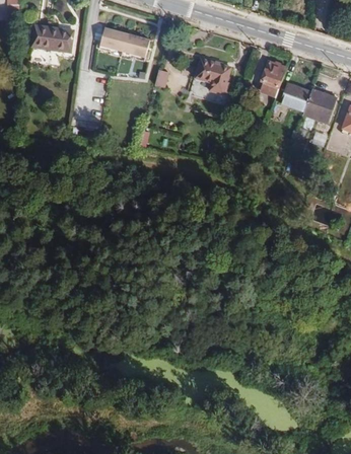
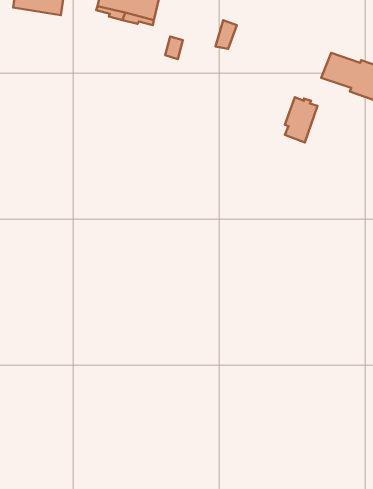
building: [260,60,286,96] -> [285,97,318,142]
building: [205,61,230,93] -> none

